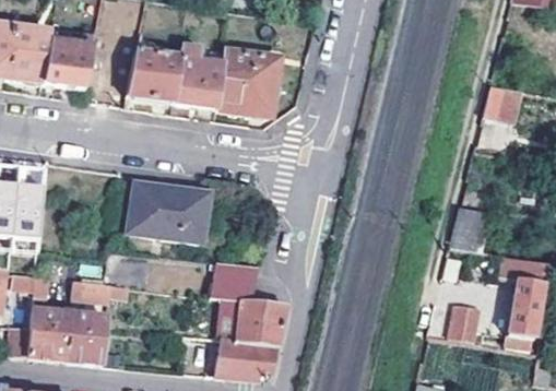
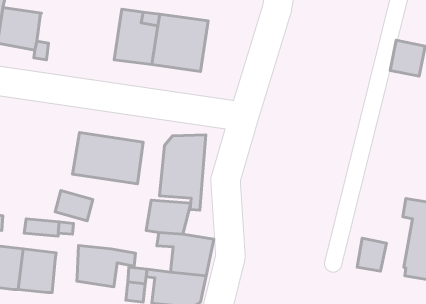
building: [130,50,181,102] -> none
building: none -> [159,135,206,210]
building: [452,203,492,248] -> none
building: none -> [77,245,136,287]

